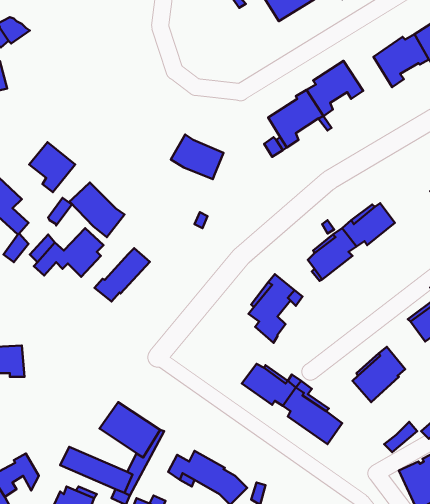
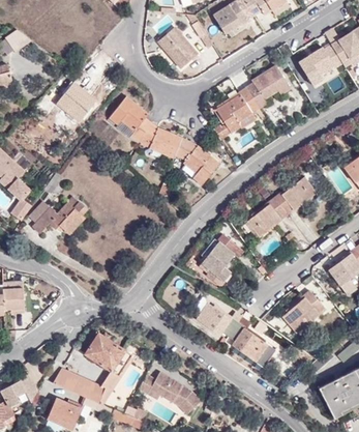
building: none -> [157,28,198,68]
building: none -> [109,96,151,143]
building: [29,142,75,192] -> [59,83,95,122]
building: none -> [174,138,219,185]
building: [69,182,124,237] -> none
building: [95,248,150,302] -> none

